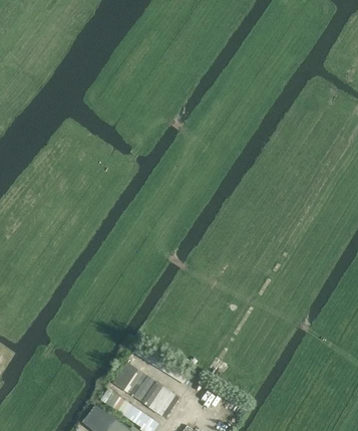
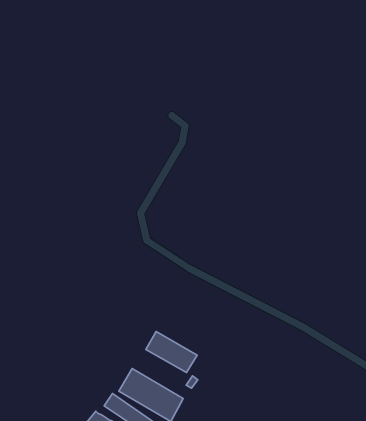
building: none -> [146,331,197,373]

